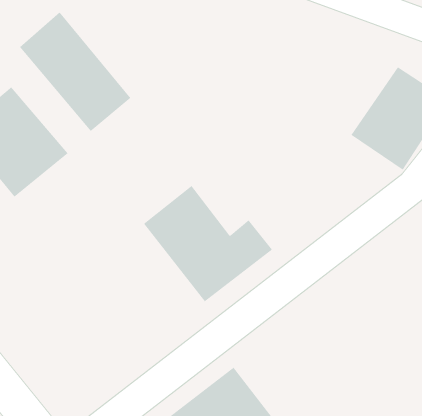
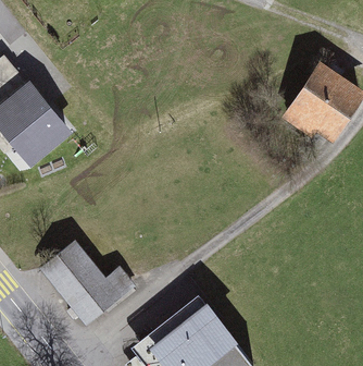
building: [19,12,131,132] -> none
building: [143,185,273,302] -> [39,239,138,328]

